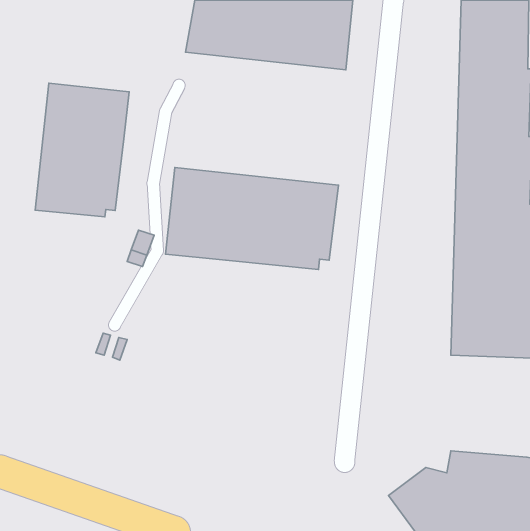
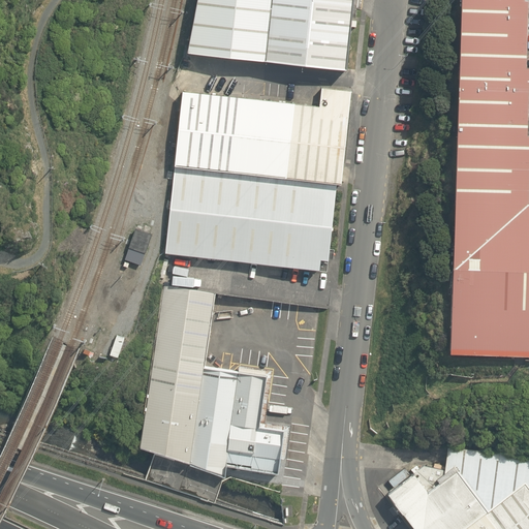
building: [35,83,129,217] -> none
building: none -> [174,88,351,185]
building: none -> [138,286,290,476]

